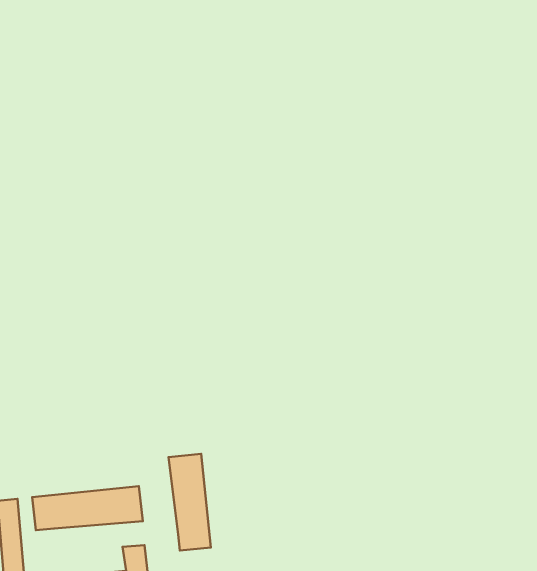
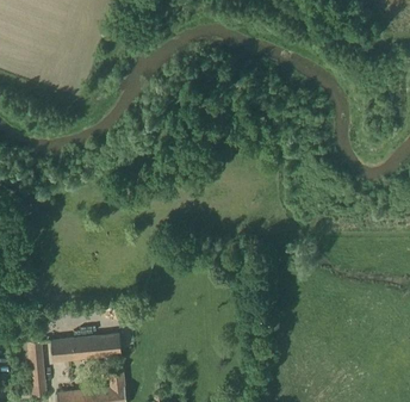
building: [169,454,211,551] -> none

